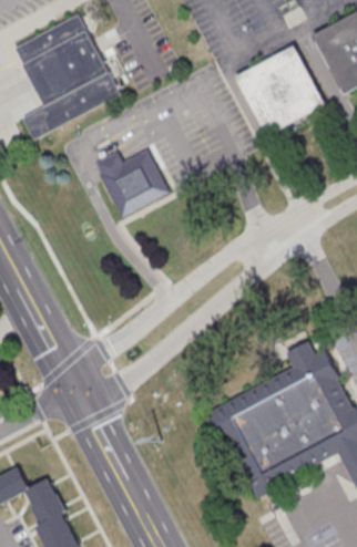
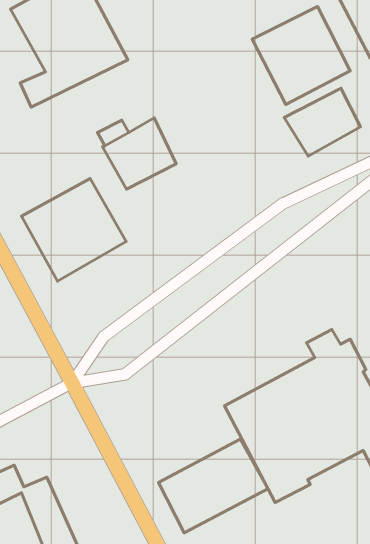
building: none -> [284,88,361,156]
building: none -> [21,178,126,281]
building: none -> [159,439,268,533]

